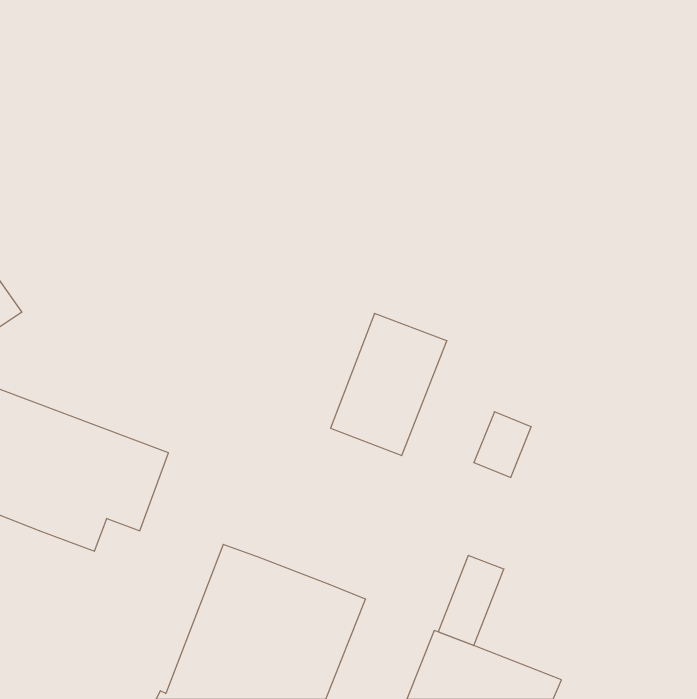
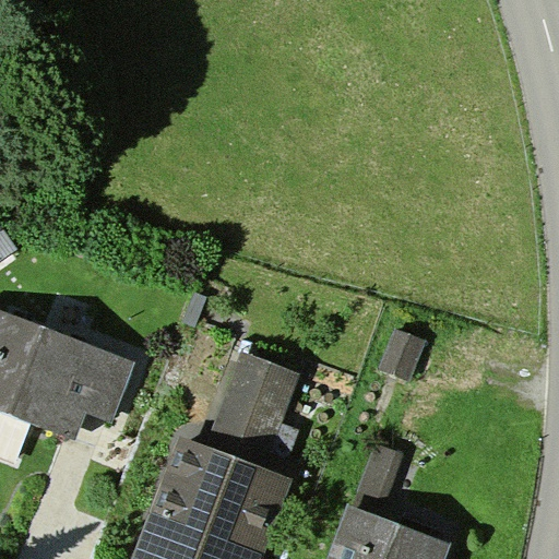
building: [331,313,447,456] -> [205,353,298,466]

